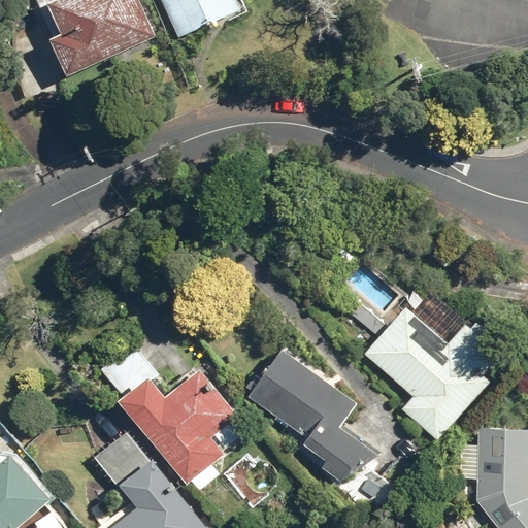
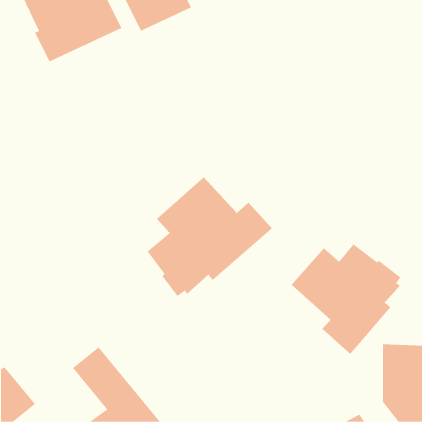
building: none -> [147,176,273,297]
building: [100,342,245,488] -> none
building: [242,350,378,482] -> none

